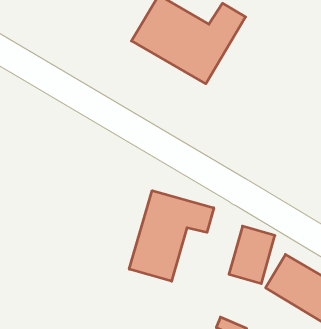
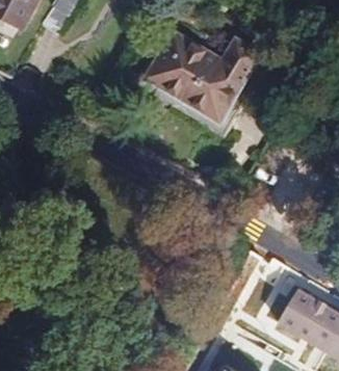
building: [129,191,214,281] -> none

